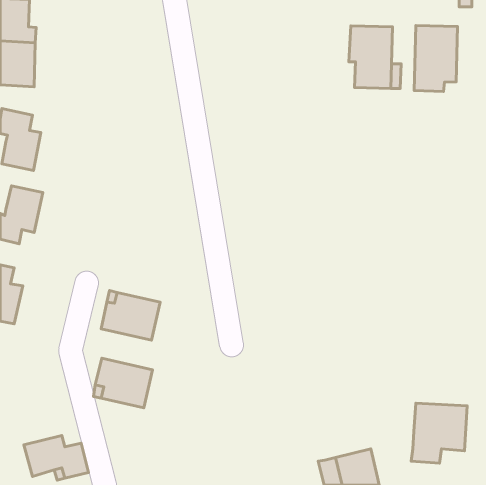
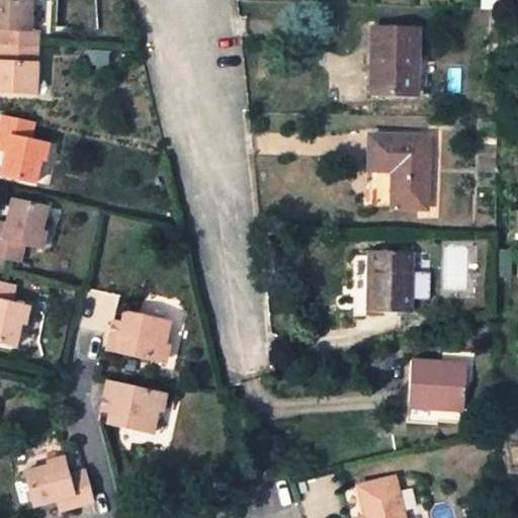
building: [414,25,458,92] -> none
building: none -> [369,134,427,207]
building: none -> [353,249,413,316]
building: [411,403,467,463] -> [406,359,465,423]

